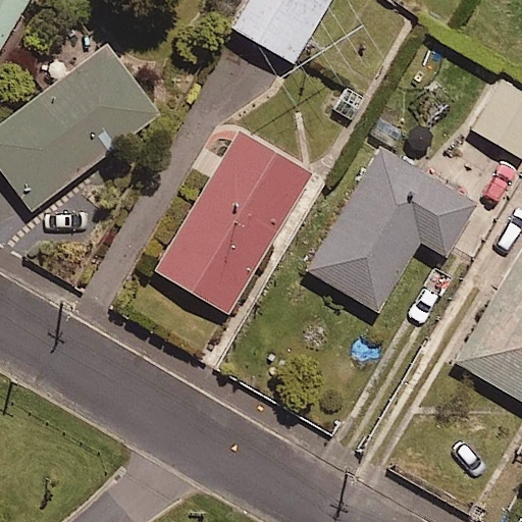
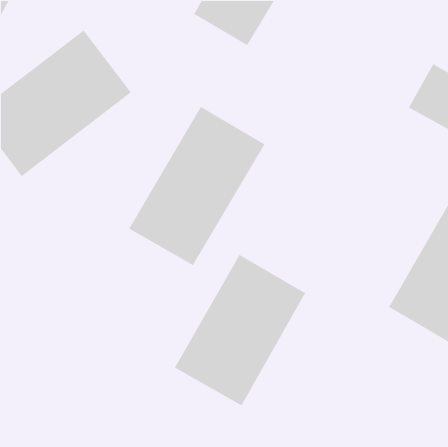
building: [308,148,477,312] -> none
building: none -> [174,254,306,407]

